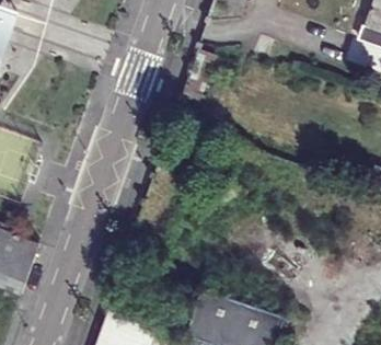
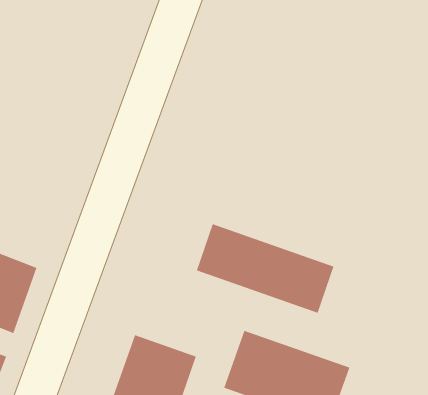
building: none -> [196,223,335,314]

